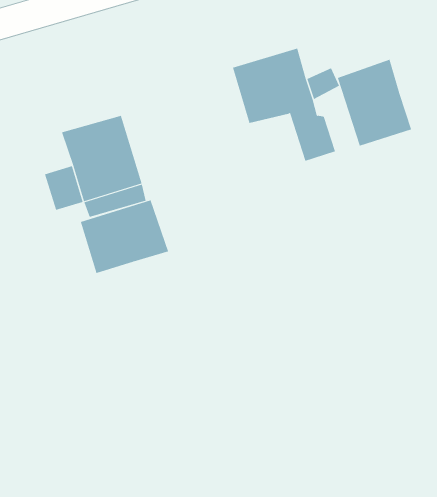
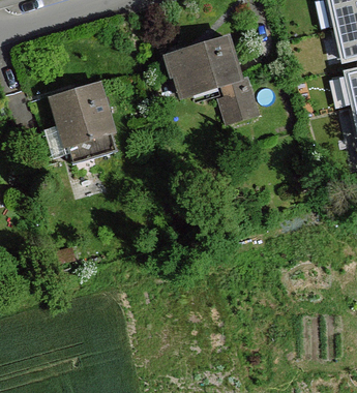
building: [337,59,412,147] -> none
building: [80,199,169,274] -> none

